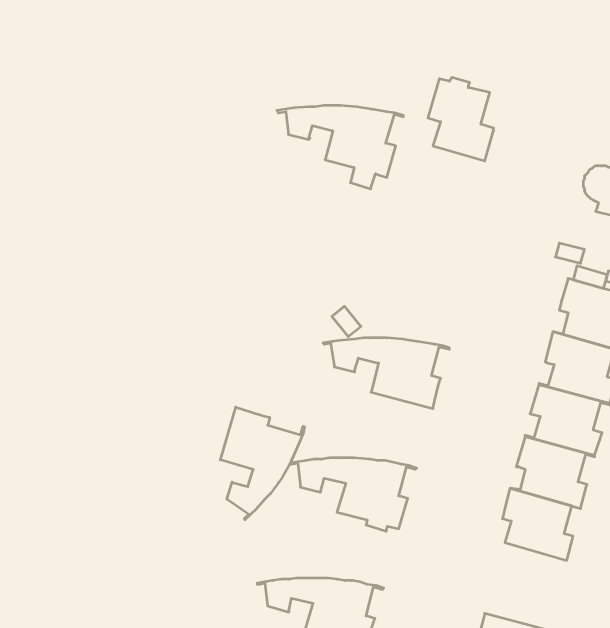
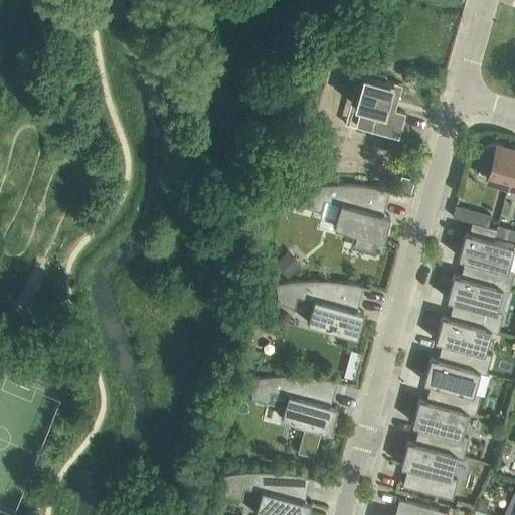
building: [277,105,403,189] -> [297,187,397,253]
building: [220,407,305,520] -> none
building: none -> [401,444,465,502]

